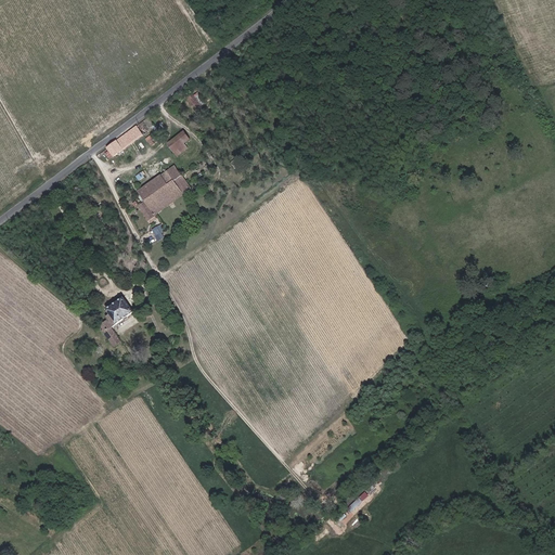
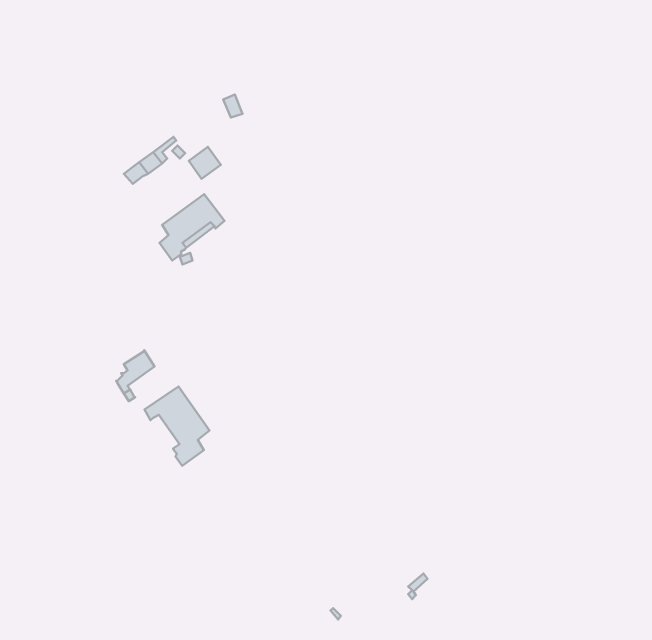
building: none -> [144,387,209,466]

